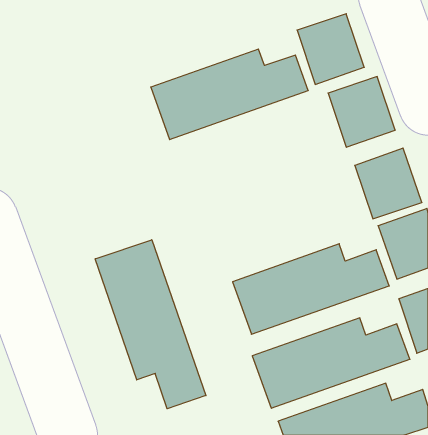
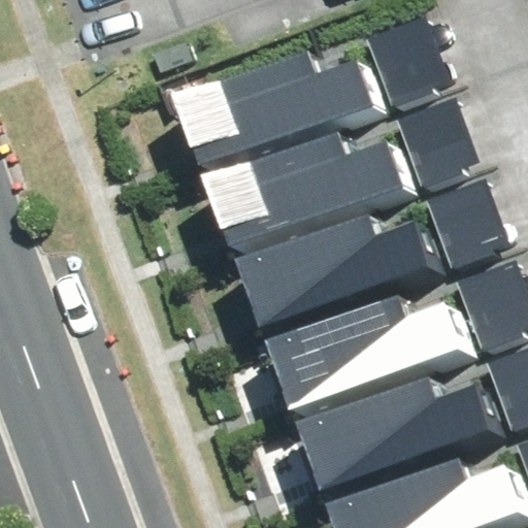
building: none -> [218,133,406,242]
building: none -> [250,220,438,328]
building: [95,240,206,409] -> none

